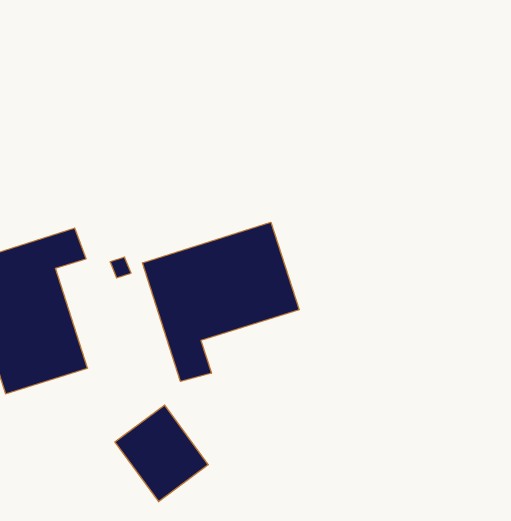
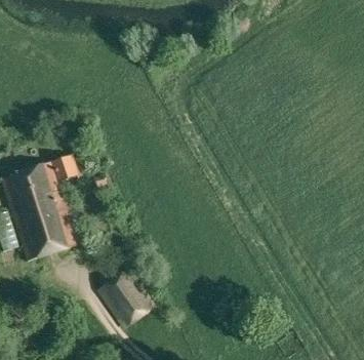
building: [143,222,299,381] -> none

